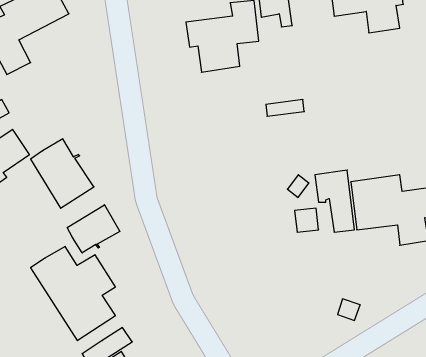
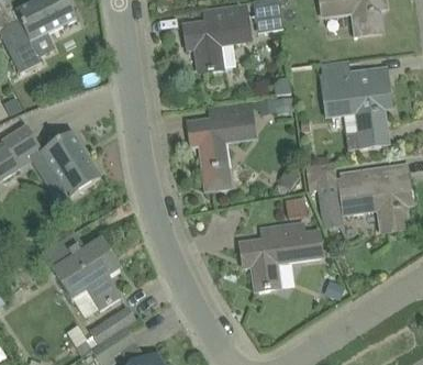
building: none -> [318,58,389,148]
building: none -> [189,101,257,189]
building: [67,205,120,253] -> none
building: none -> [241,222,323,288]

